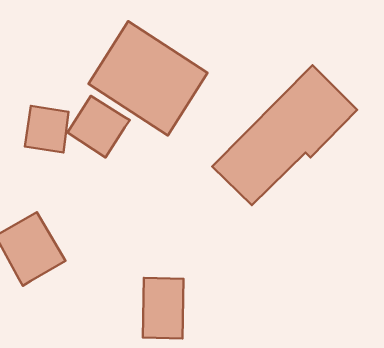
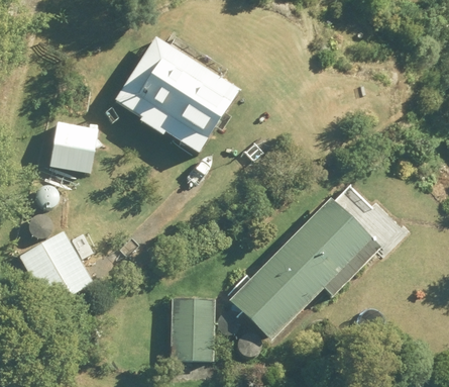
building: [212,65,357,205] -> [229,197,376,340]
building: [68,96,130,158] -> none

